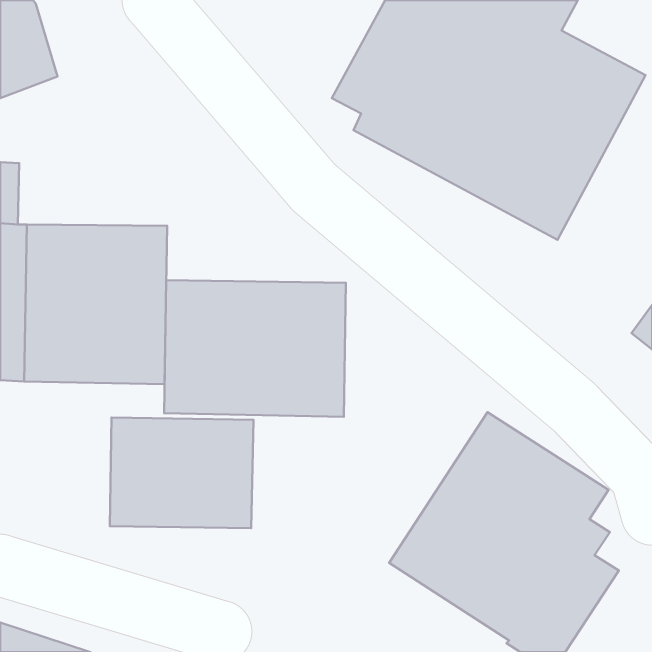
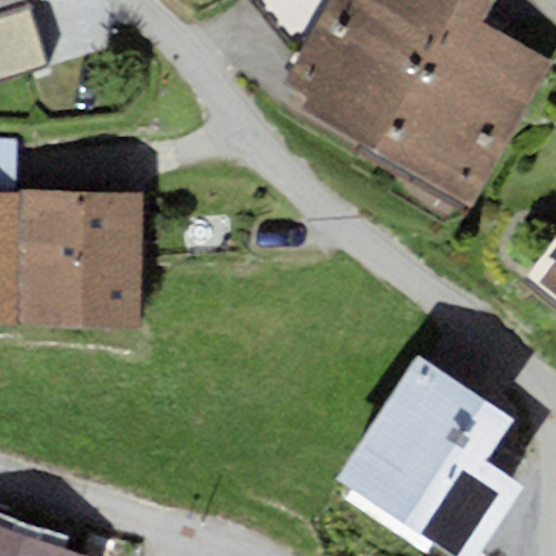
building: [164,280,346,417] -> none
building: [110,418,254,528] -> none

